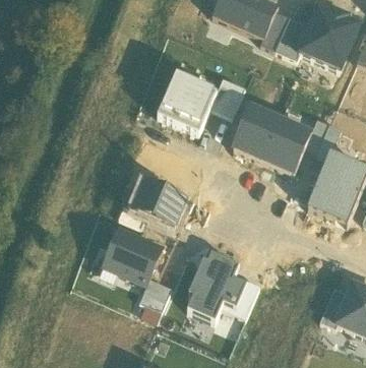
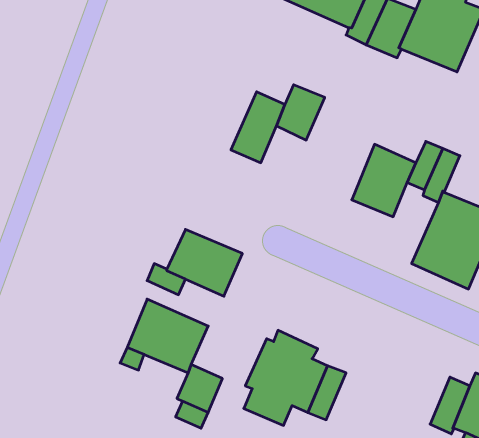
building: [157,74,196,124] -> none
building: [235,108,281,160] -> none

